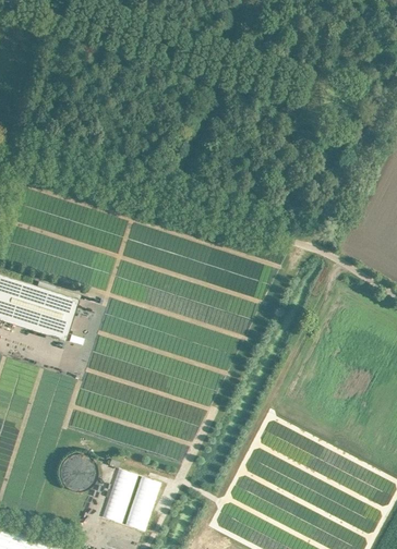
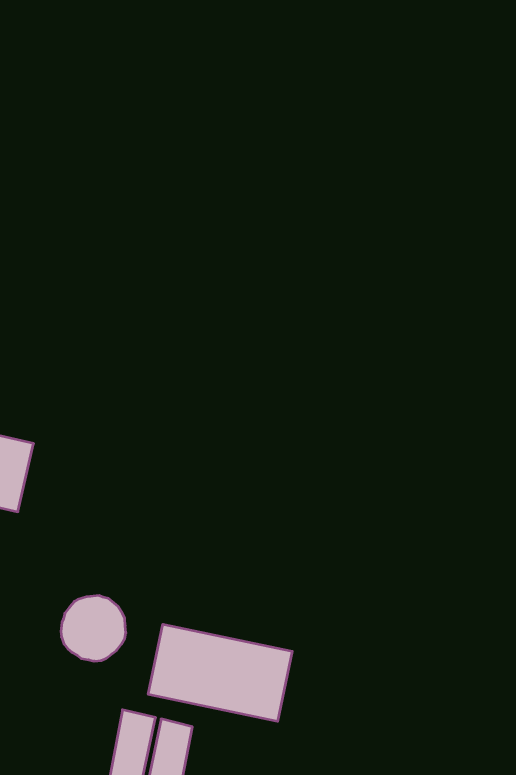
building: none -> [148,624,292,721]
building: [59,450,98,489] -> [61,596,126,661]

